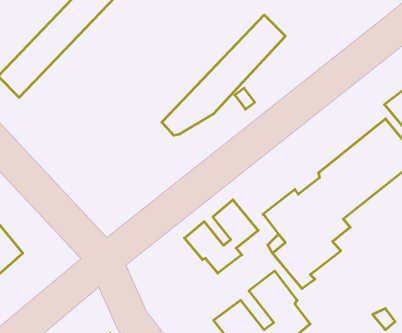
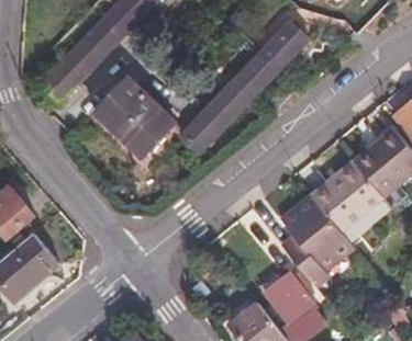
building: none -> [93,82,170,160]
building: [184,200,258,273] -> none

